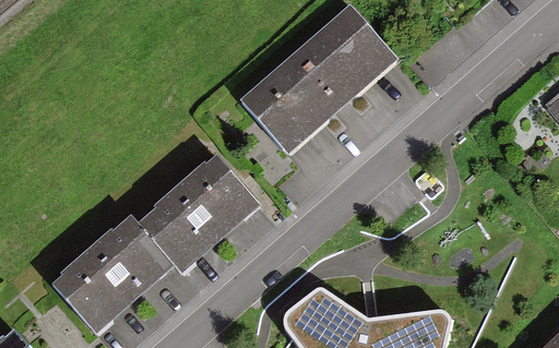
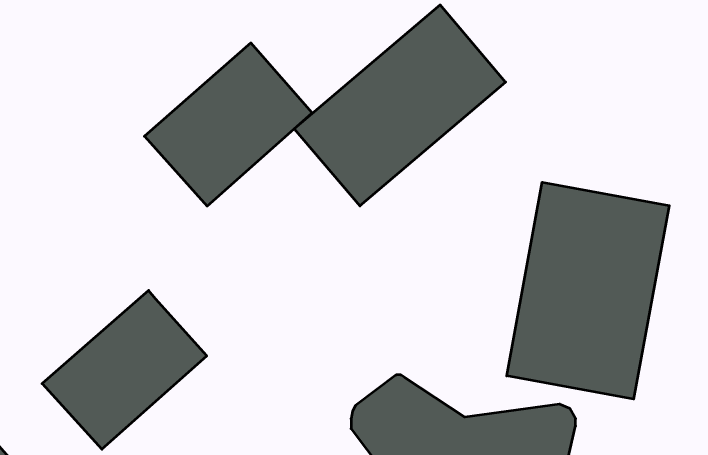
building: none -> [507,182,669,399]
building: [135,156,261,278] -> [144,43,312,206]

